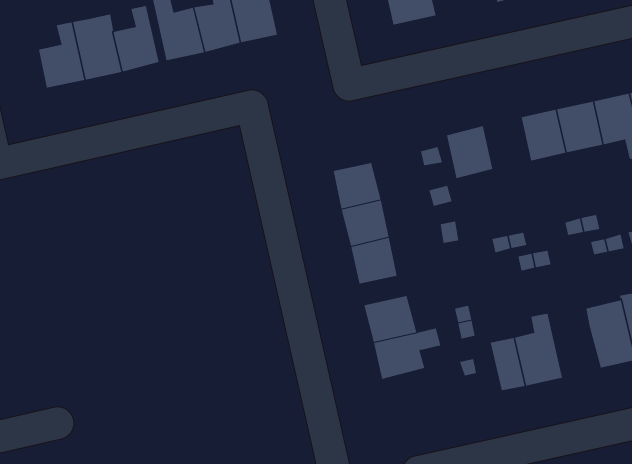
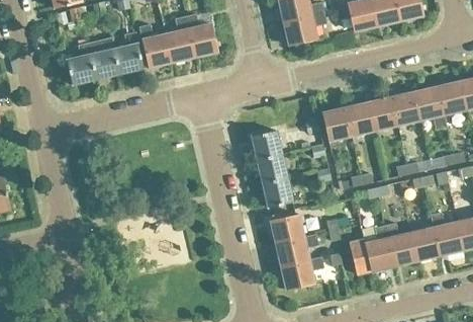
building: none -> [345,102,374,135]
building: none -> [385,222,417,265]
building: none -> [281,256,323,290]

